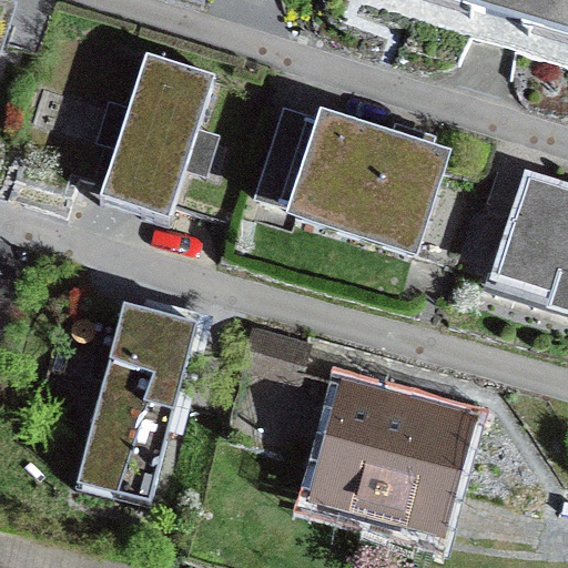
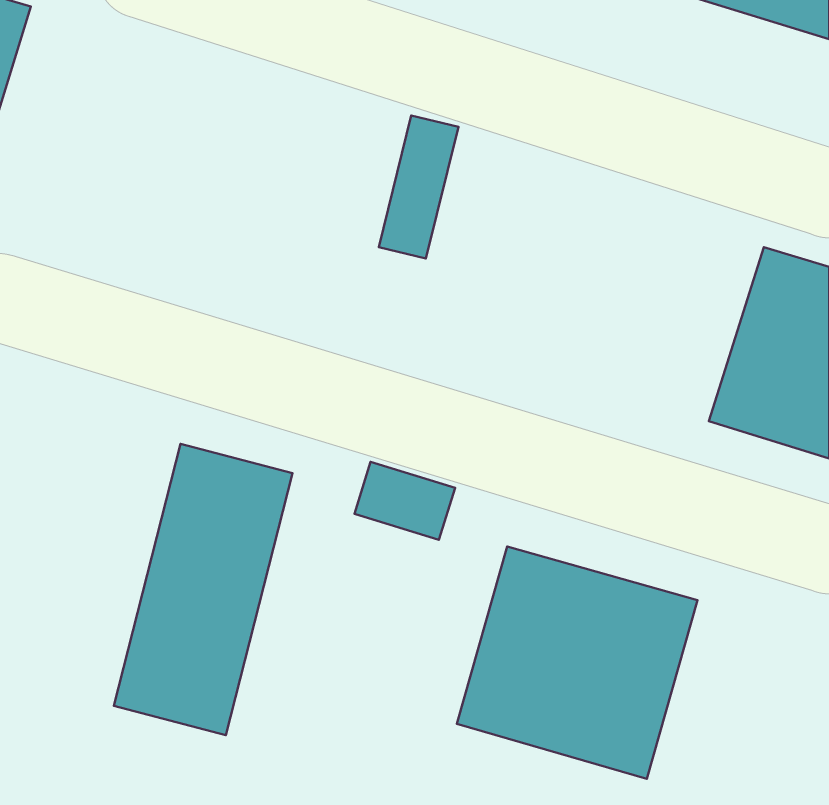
building: [100,59,215,227] -> none
building: [283,109,454,265] -> none

